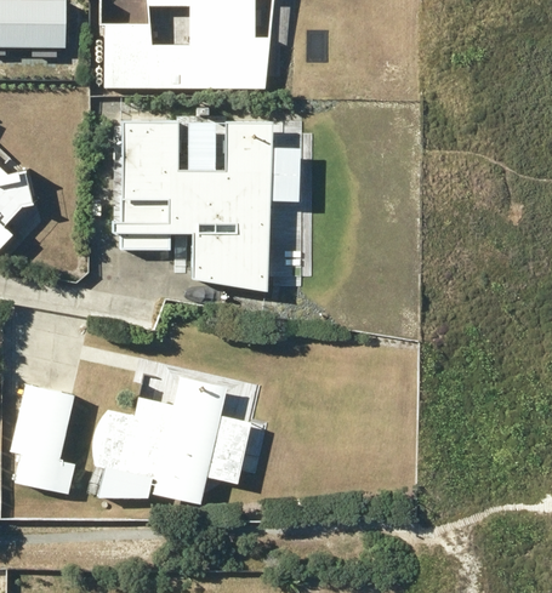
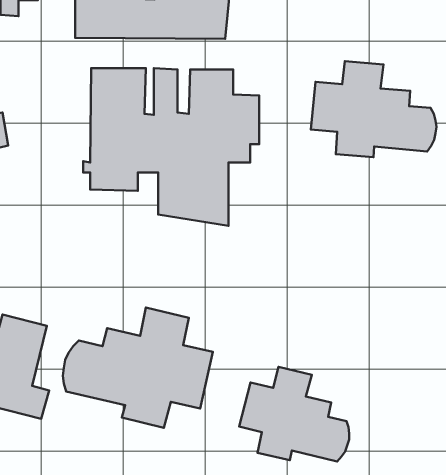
building: none -> [311,61,437,157]
building: none -> [239,367,349,461]

